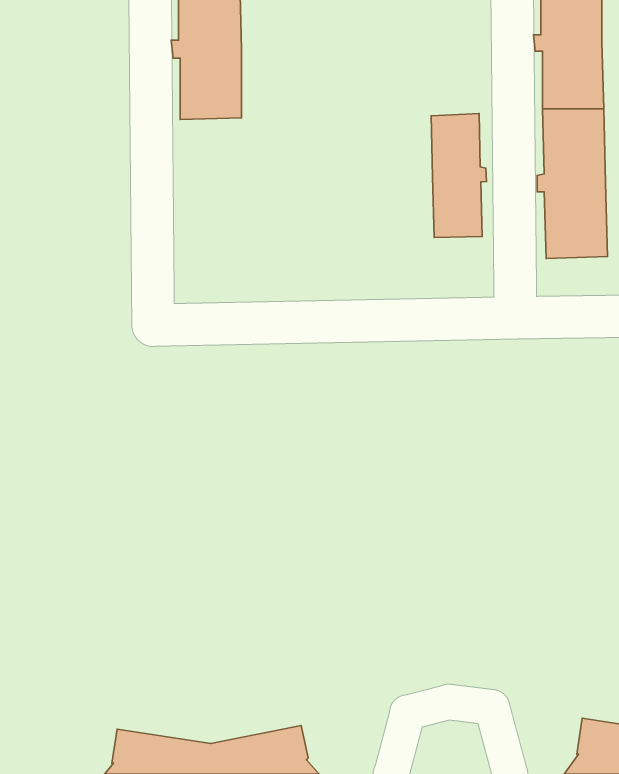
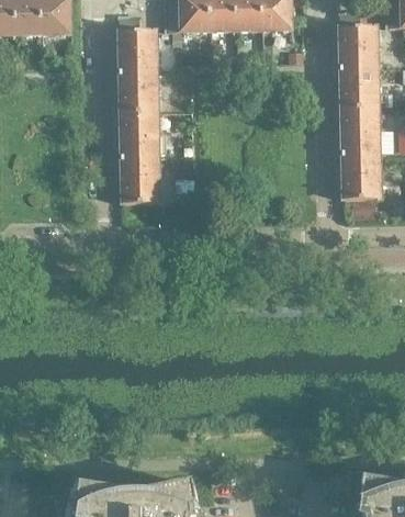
building: [431,114,487,237] -> none
building: none -> [116,113,159,203]

